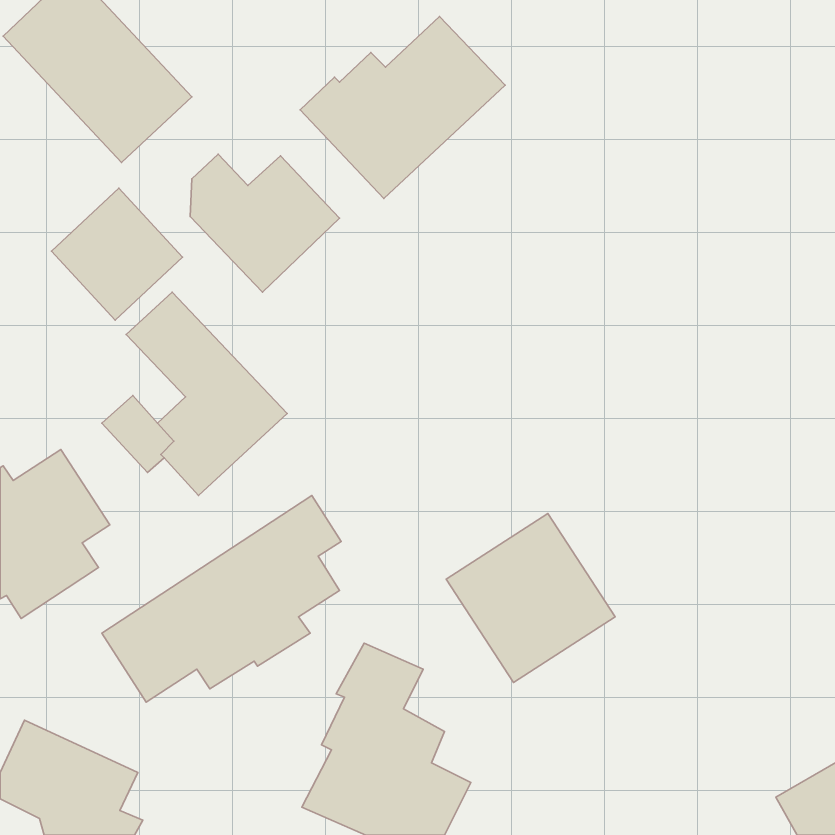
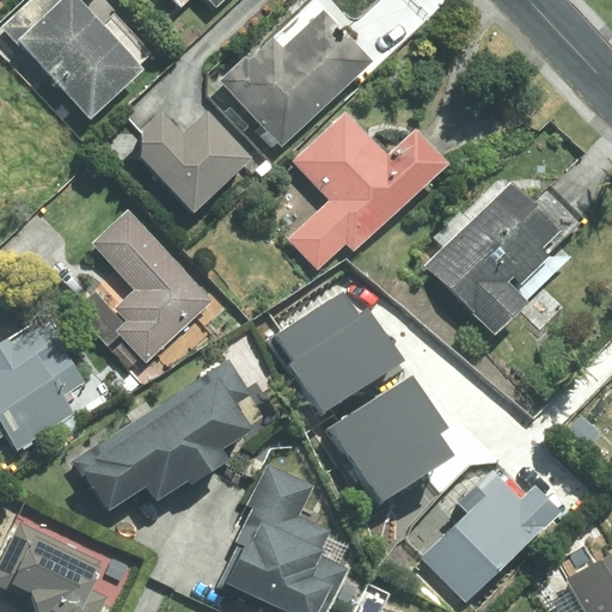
building: none -> [295,111,459,276]
building: [51,188,183,320] -> none
building: none -> [428,171,582,336]
building: none -> [273,289,391,408]
building: none -> [417,459,553,596]

